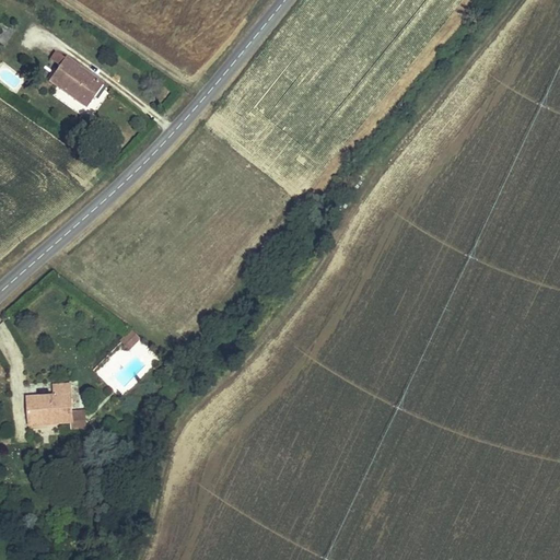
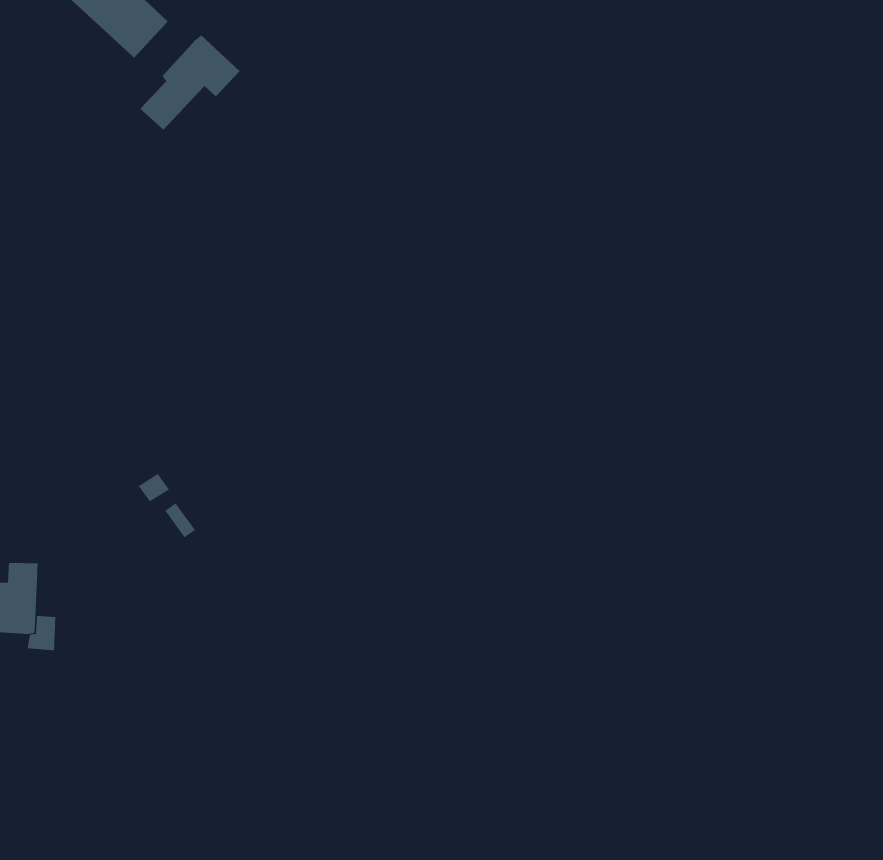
building: none -> [139,34,241,130]

